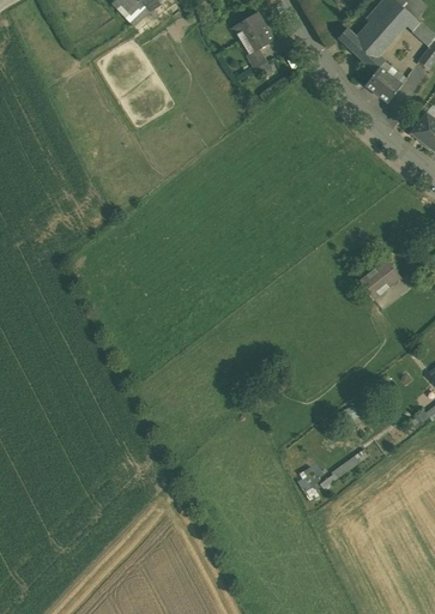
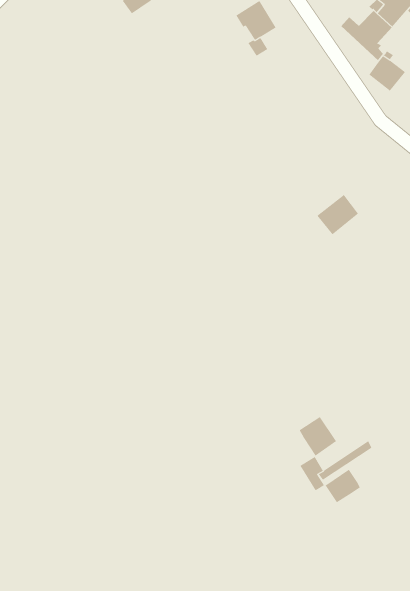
building: [360,257,401,297] -> [317,194,359,235]
building: none -> [299,416,337,456]
building: none -> [325,469,360,503]

